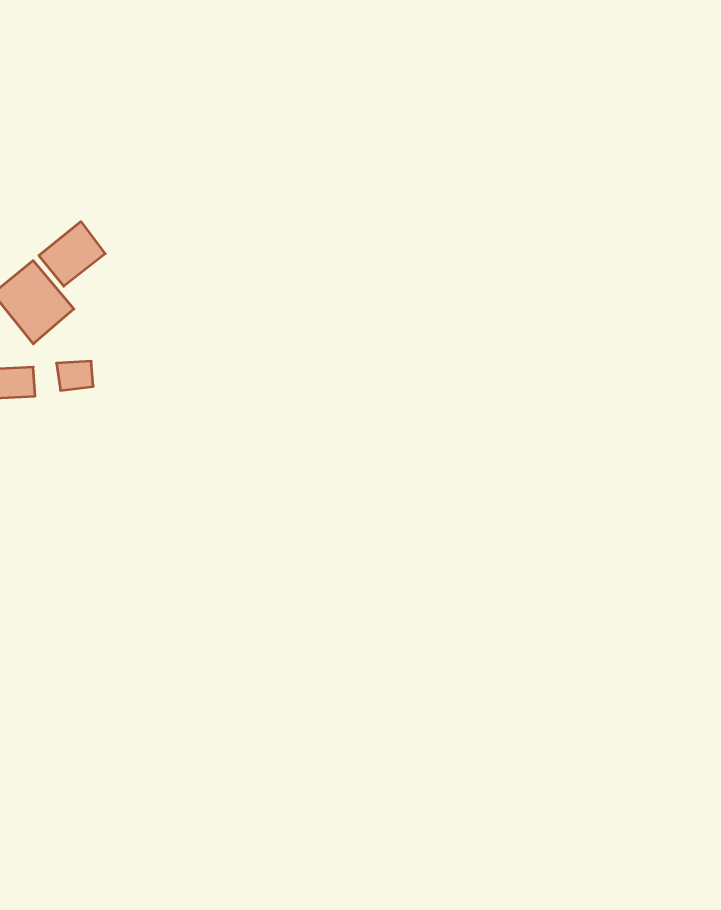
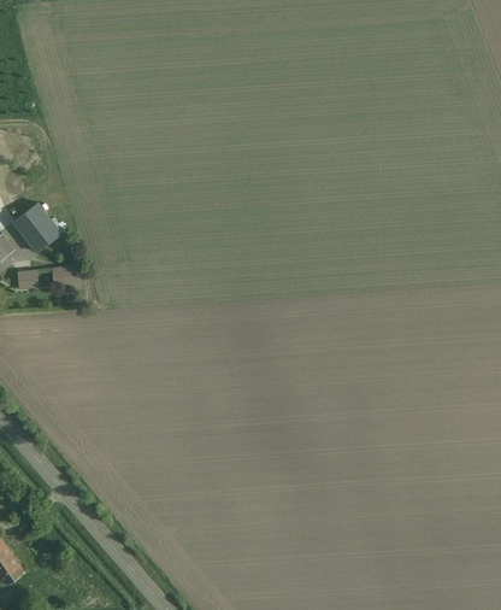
building: [39,222,105,286] -> none

